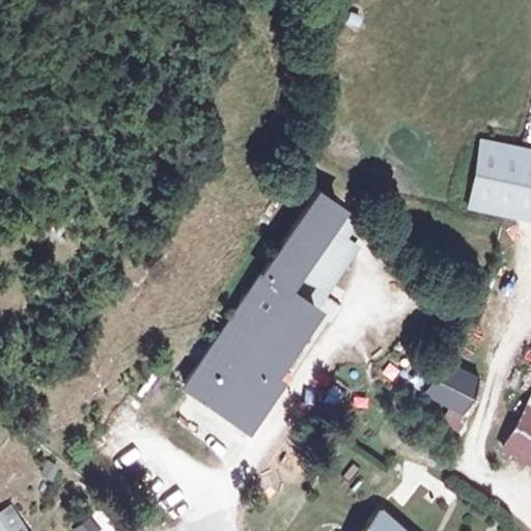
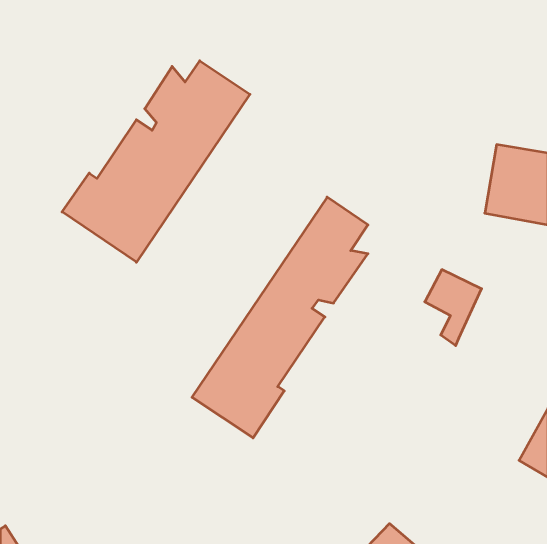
building: none -> [62,61,250,262]
building: [426,364,481,438] -> [425,270,482,346]

